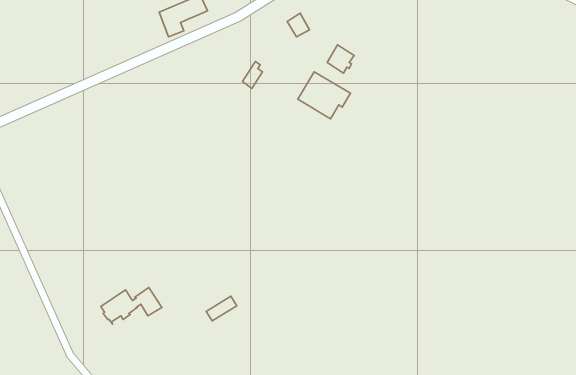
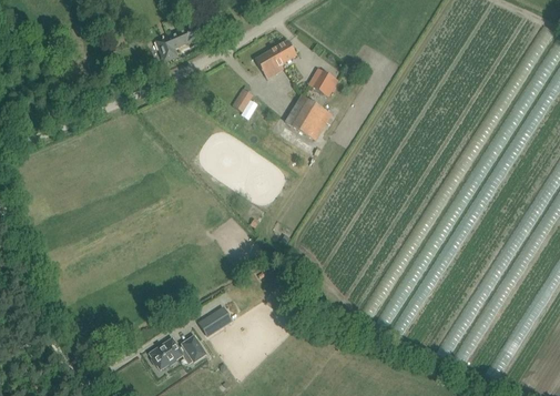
building: none -> [255,48,284,79]
building: [101,288,162,324] -> [149,335,206,369]

